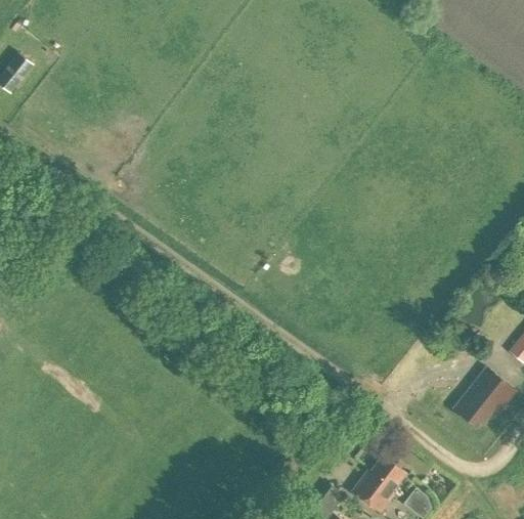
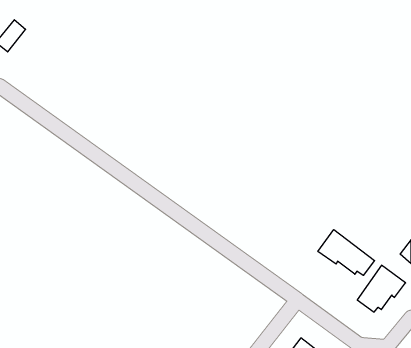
building: none -> [318,230,375,275]

